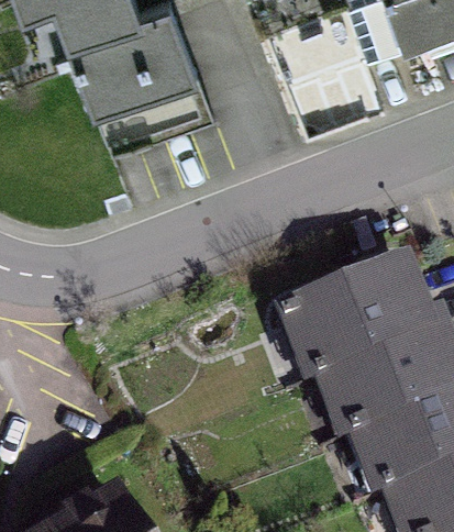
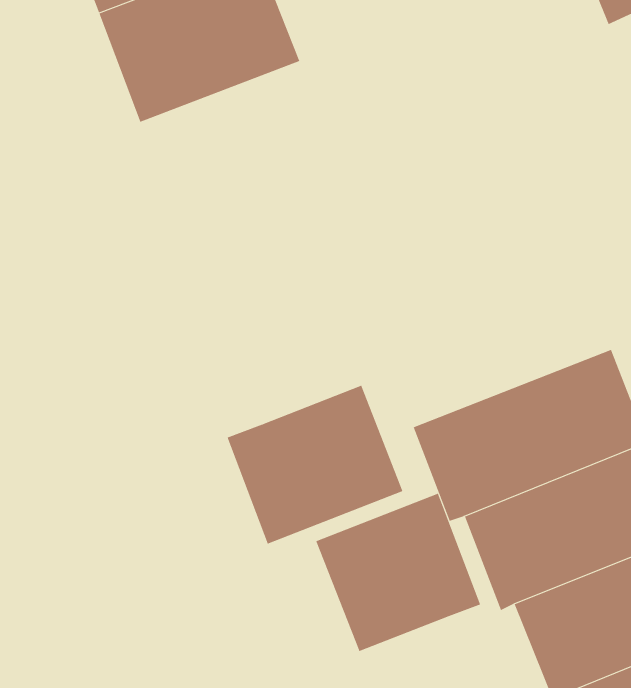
building: none -> [227,385,403,544]
building: none -> [315,493,481,652]

